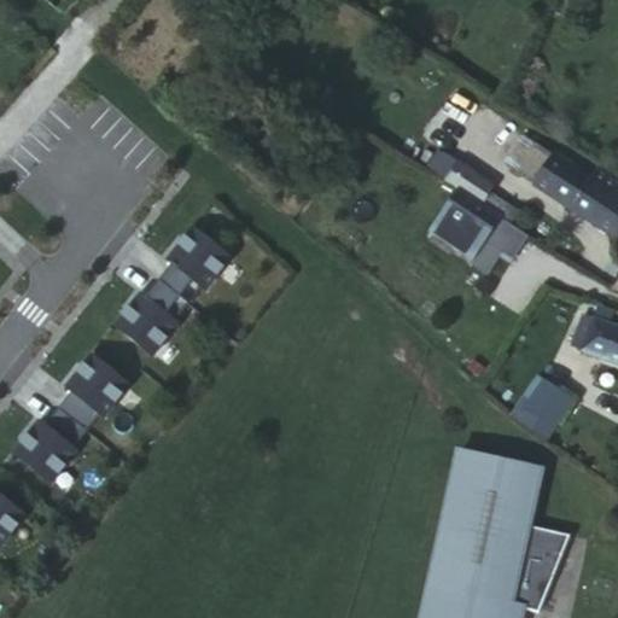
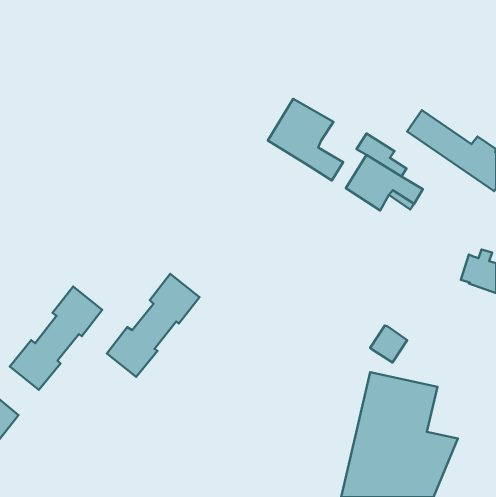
building: none -> [268,99,343,180]
building: [113,227,228,355] -> [107,274,199,377]
building: [524,381,570,427] -> [370,326,407,363]

